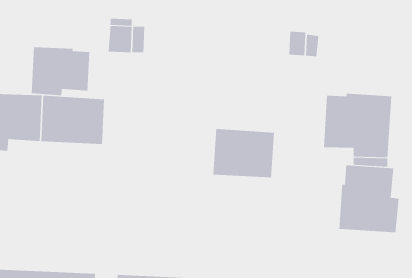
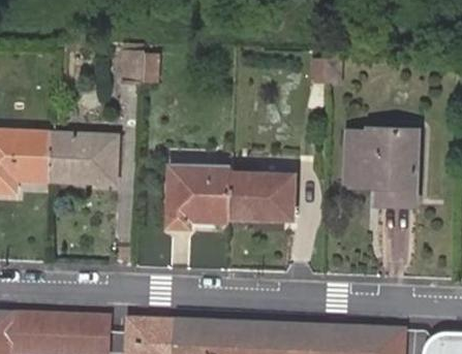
building: [31,46,90,96] -> none
building: none -> [167,164,232,225]
building: [339,165,399,233] -> none

